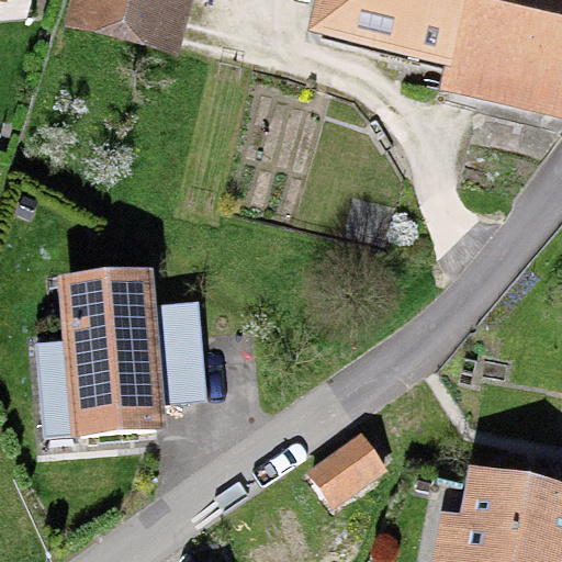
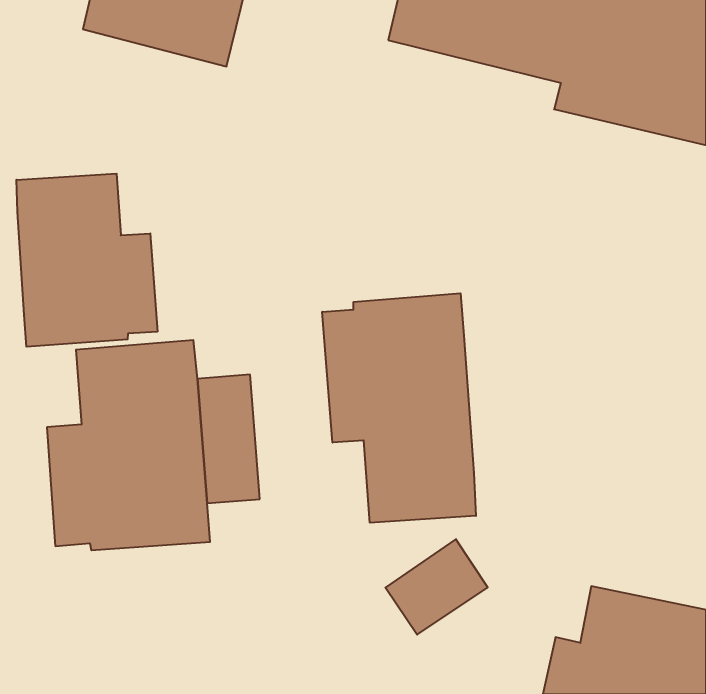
building: none -> [16,174,157,347]
building: none -> [322,293,476,523]

